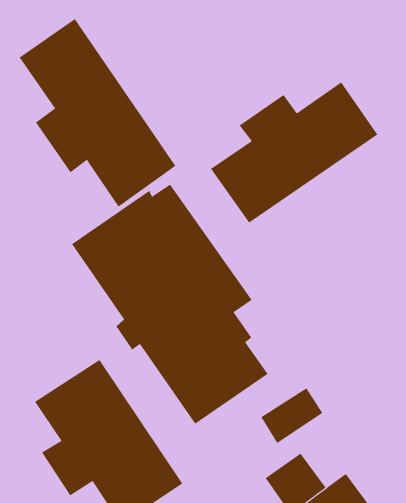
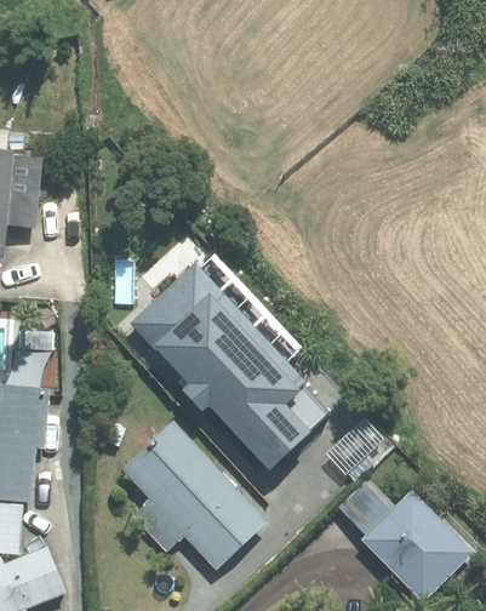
building: [19,18,176,207] -> none
building: [210,81,378,224] -> none

